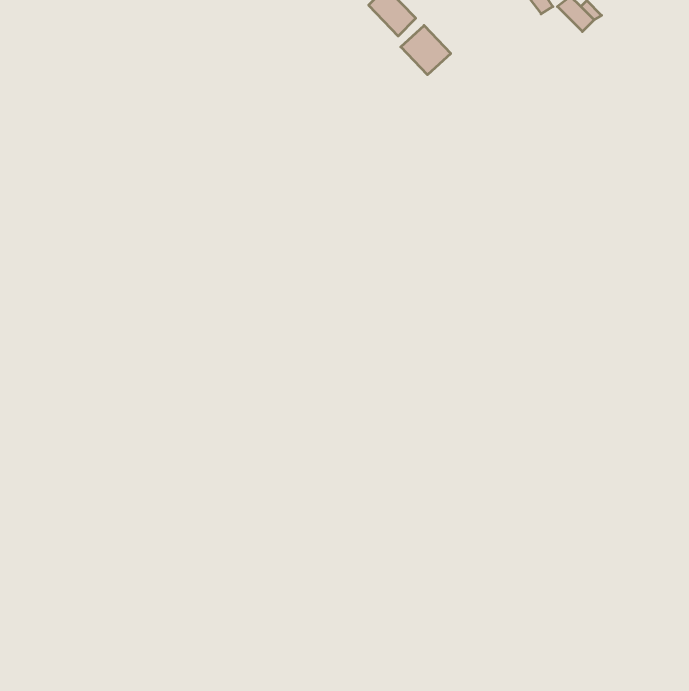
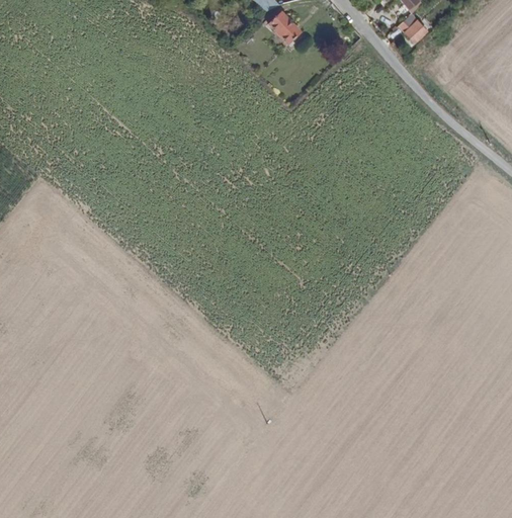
building: [401,25,451,75] -> none

